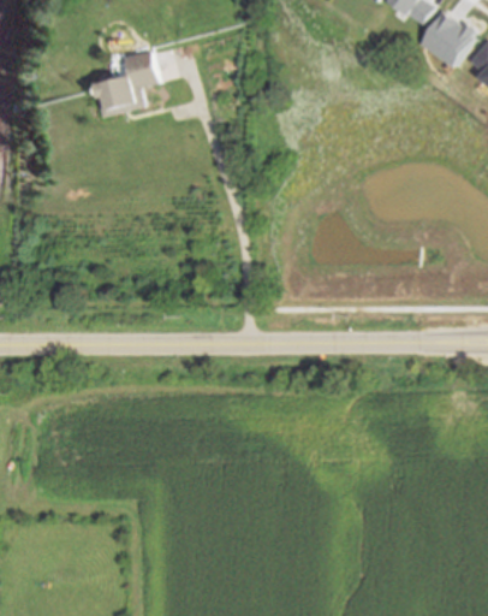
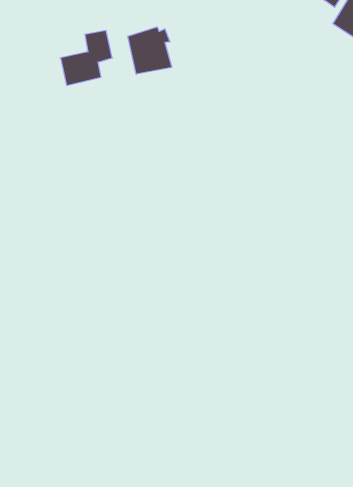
building: none -> [128,27,172,74]

